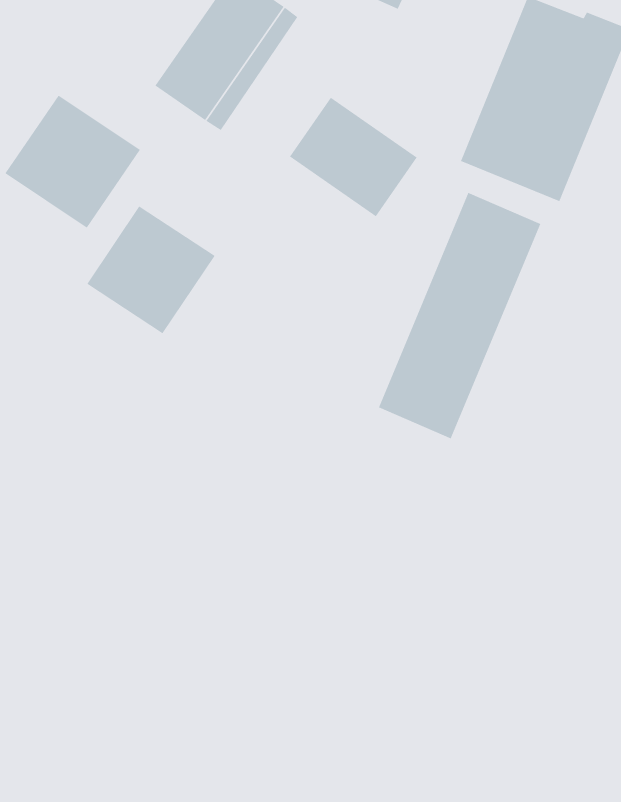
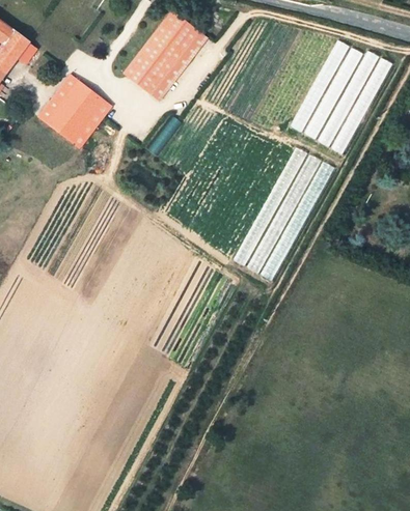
building: [289,97,418,217] -> none
building: [86,205,215,334] -> none

